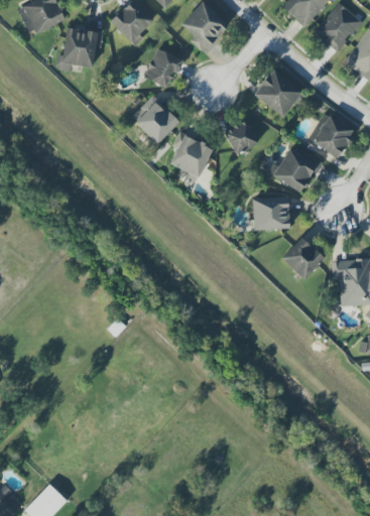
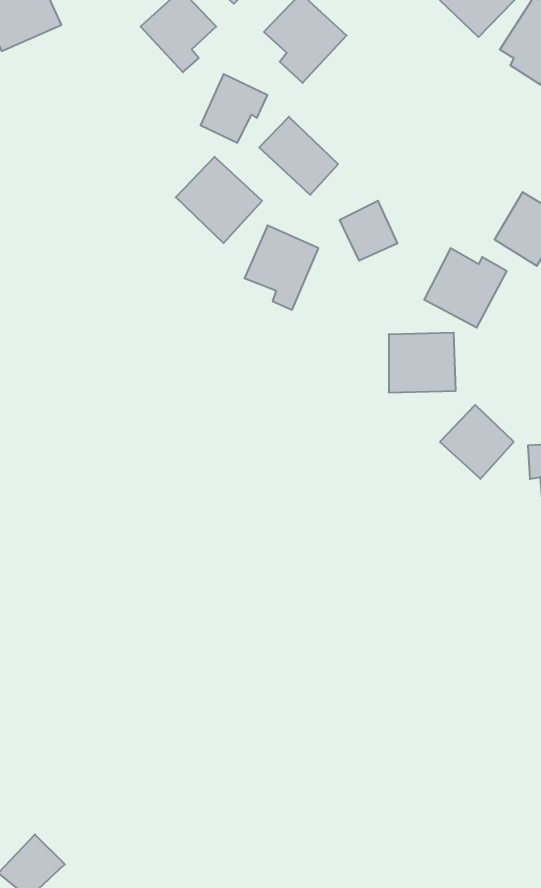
building: [56,26,104,72] -> none
building: [254,71,302,117] -> none
building: none -> [259,117,338,195]

